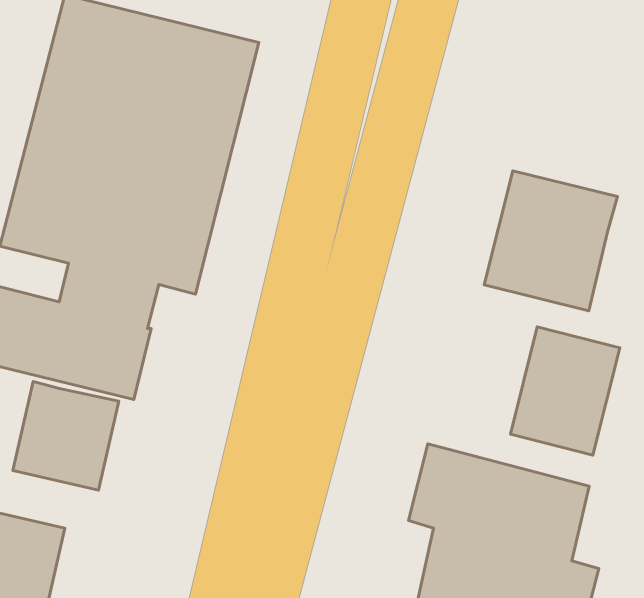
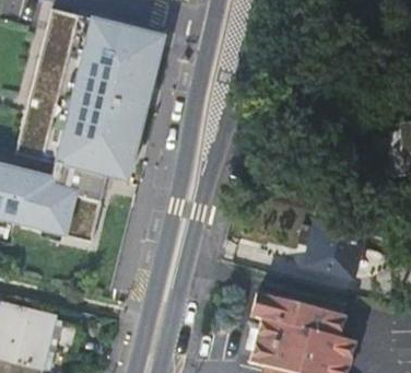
building: [484,171,617,311] -> none
building: [13,381,119,490] -> none

